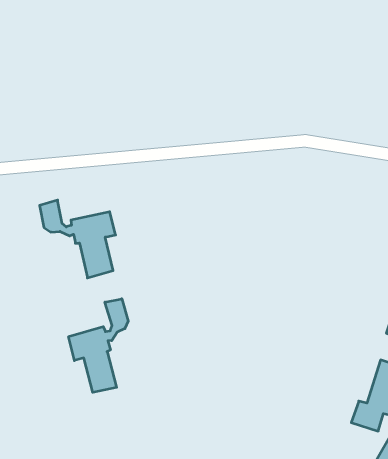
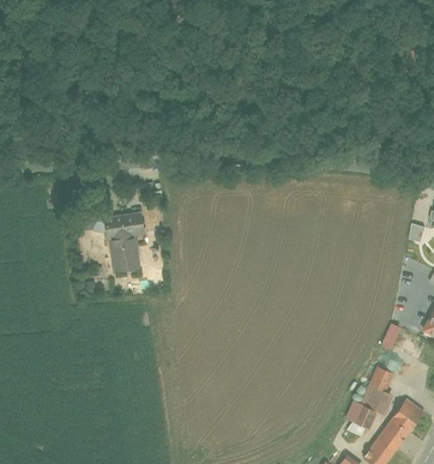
building: [69,299,128,392] -> none

